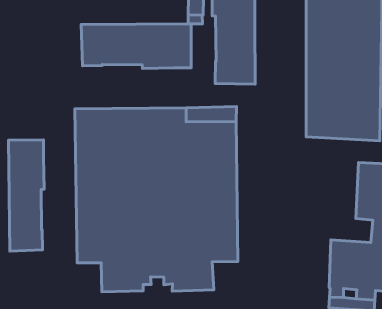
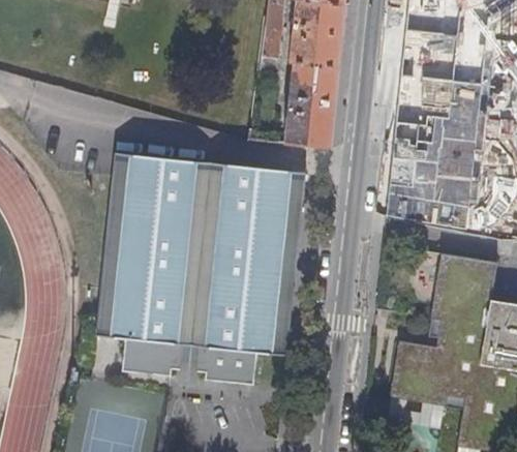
building: [81,24,191,69] -> none
building: [9,140,44,251] -> none

